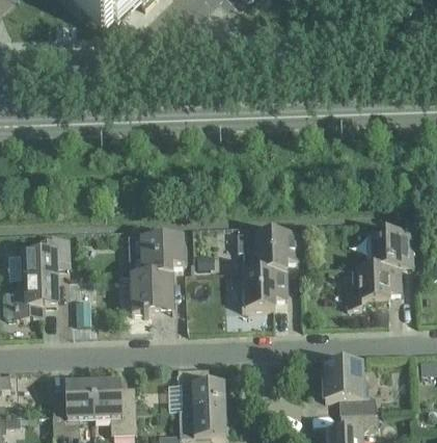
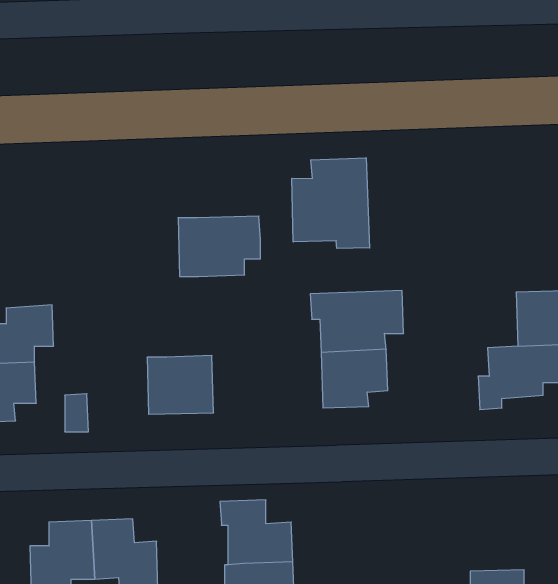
building: none -> [292,158,370,248]
building: [129,233,183,272] -> [178,216,260,276]
building: [324,361,377,413] -> none

